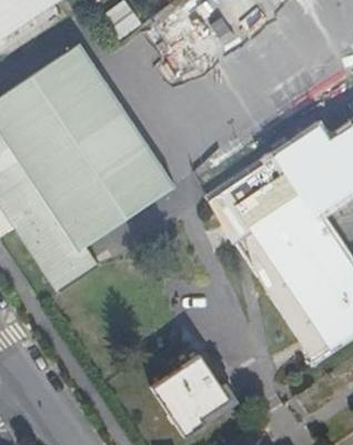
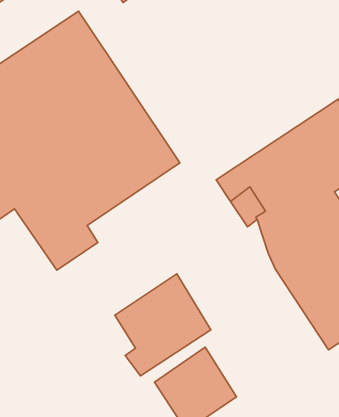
building: none -> [115,274,211,376]

